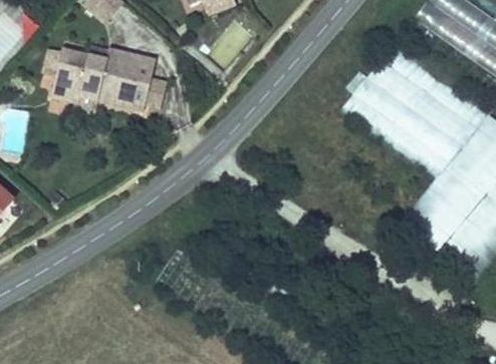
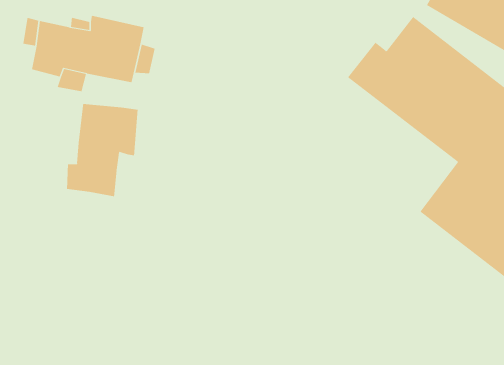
building: none -> [66,103,138,197]

